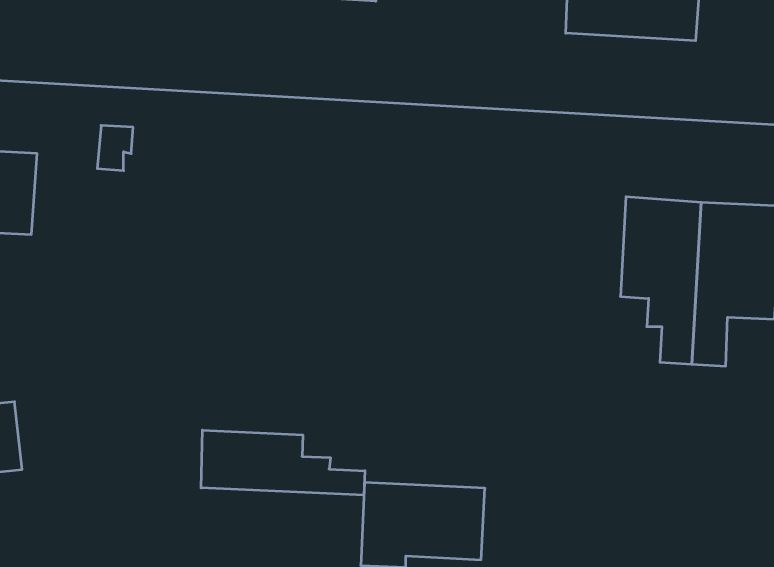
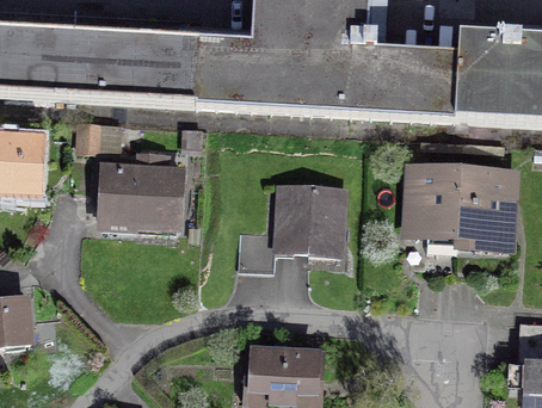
building: none -> [101,149,181,221]
building: none -> [238,180,343,262]
building: [201,430,365,495] -> none

